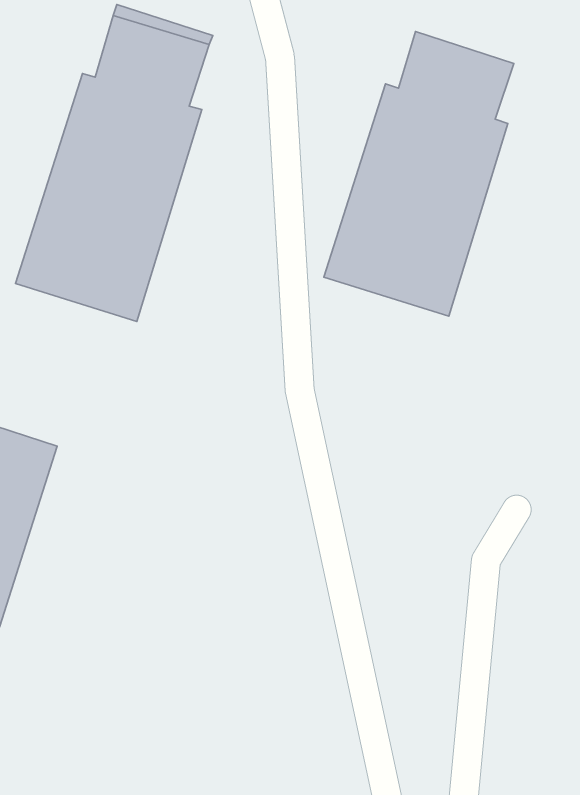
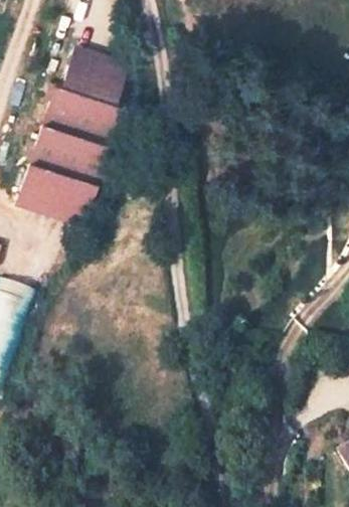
building: [324,32,514,316] -> none

